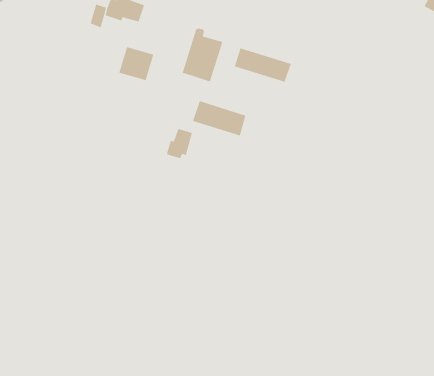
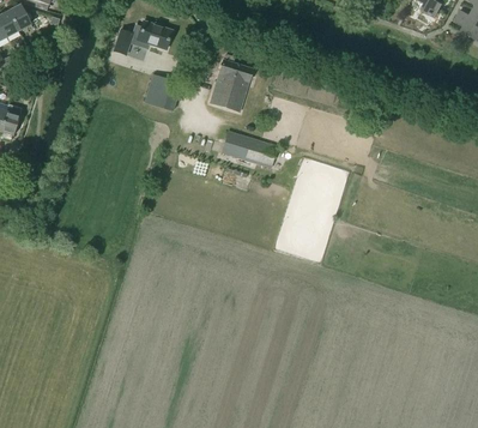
building: [234,47,291,83] -> none
building: [166,128,193,159] -> none

